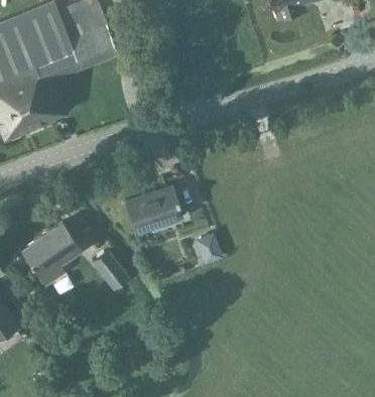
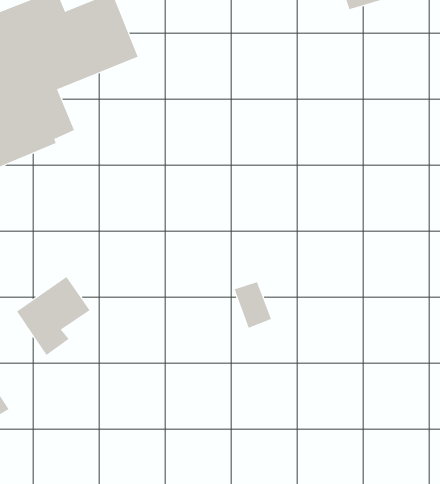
building: [124,185,181,232] -> none
building: [92,249,129,289] -> none

